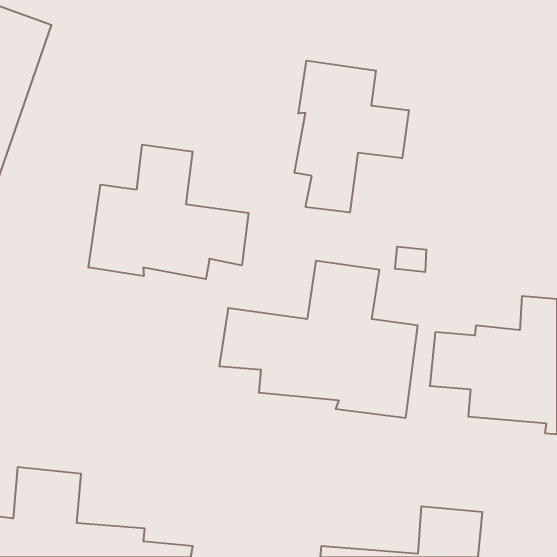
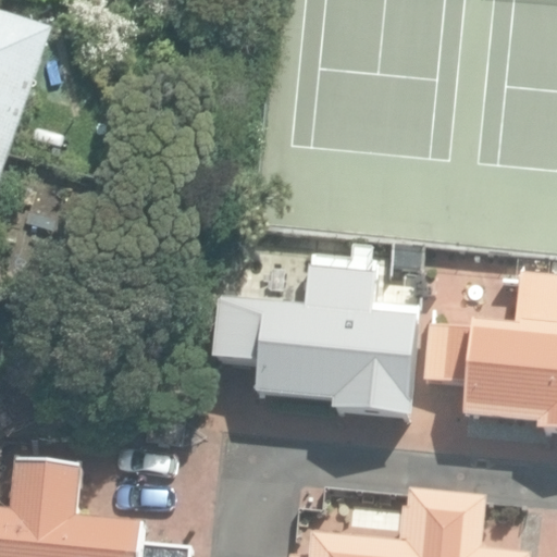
building: [295,61,409,213] -> none
building: [88,145,248,279] -> none

